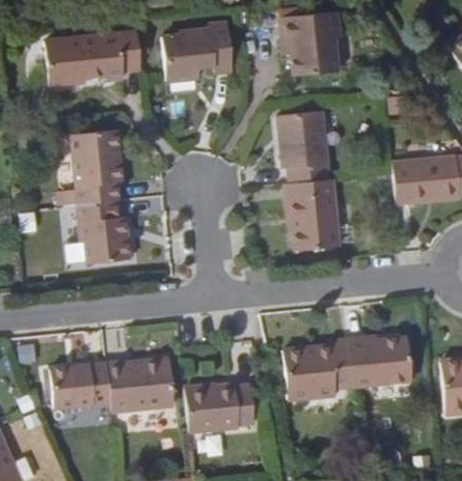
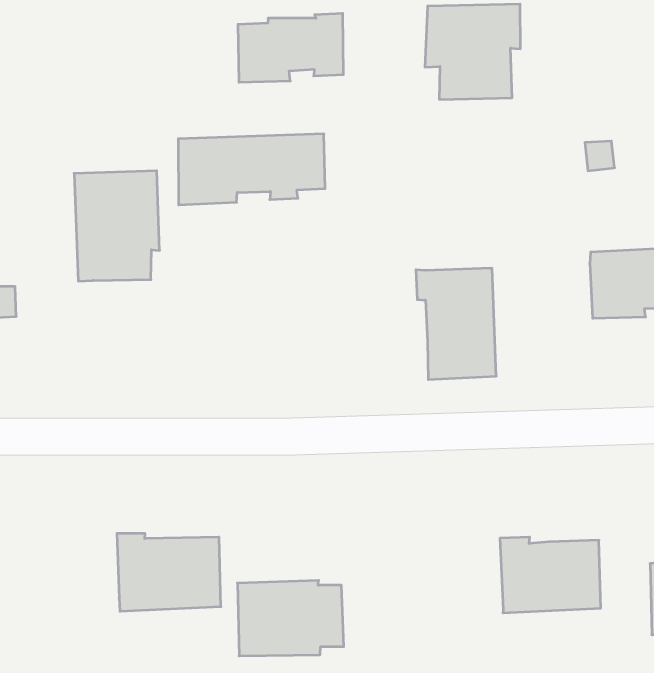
building: [46,28,140,79] -> [178,134,325,205]
building: [277,111,330,182] -> none
building: [81,200,134,265] -> none
building: [284,347,353,406] -> none
building: [52,361,111,406] -> none

